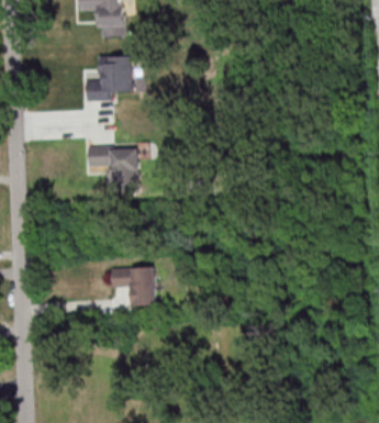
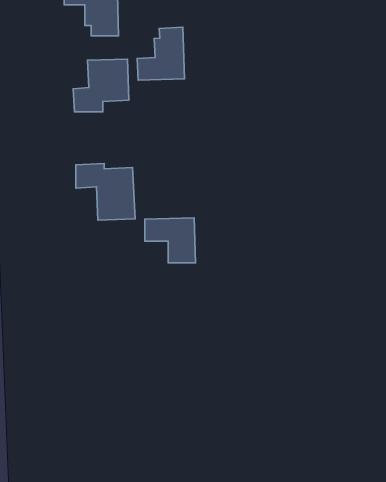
building: none -> [137,27,184,80]
building: [112,267,155,305] -> [145,218,195,263]

